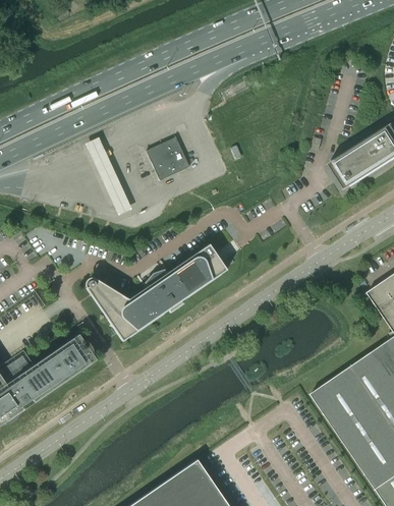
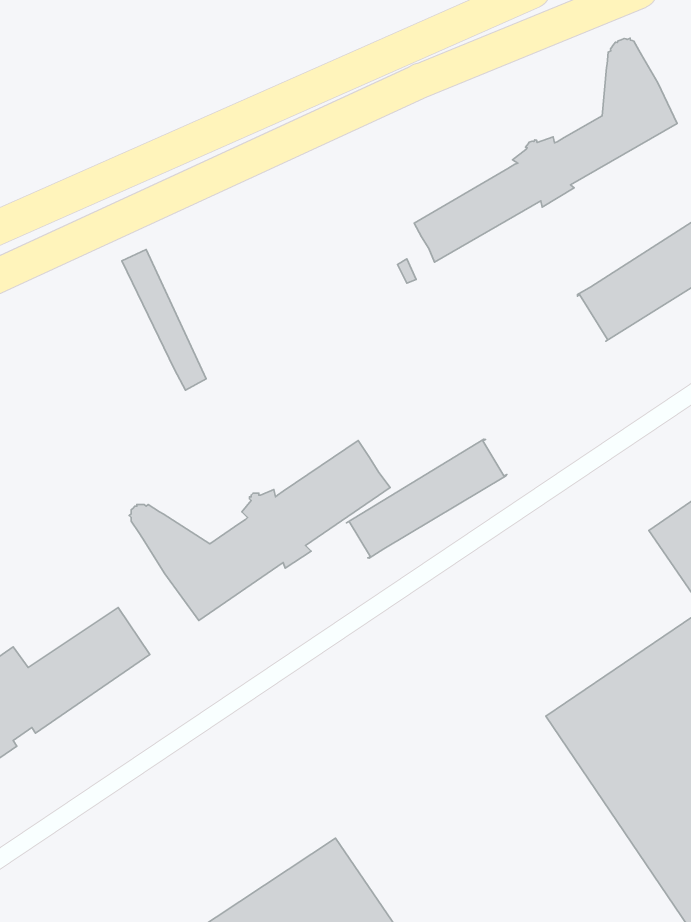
building: none -> [414,38,677,262]
building: [145,136,189,180] -> none
building: none -> [346,439,507,558]

